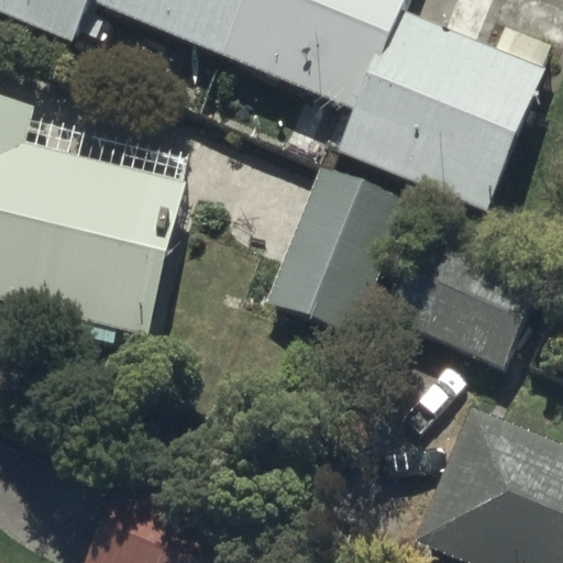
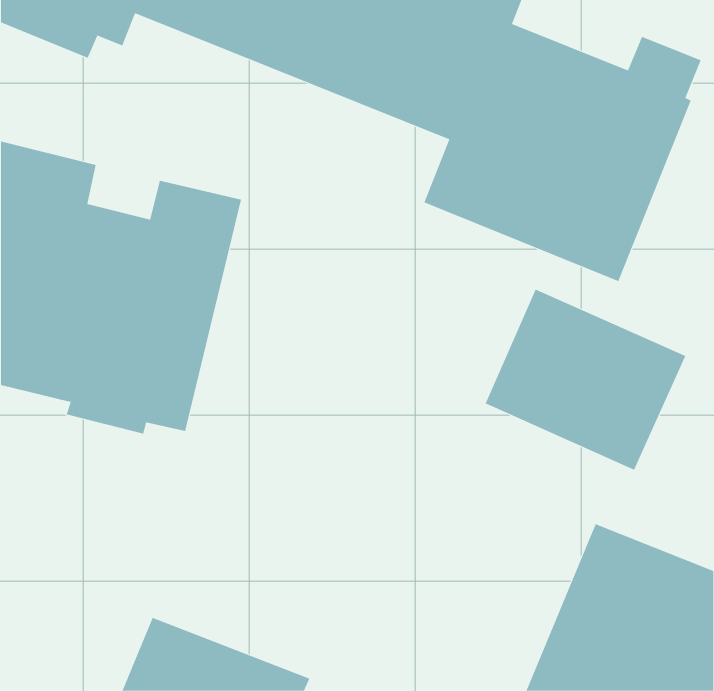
building: [266,175,406,340] -> none

